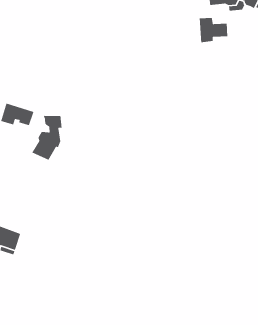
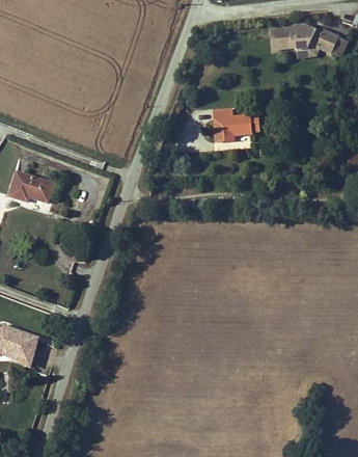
building: [199,17,228,43] -> [214,108,251,141]
building: [31,115,62,161] -> none

